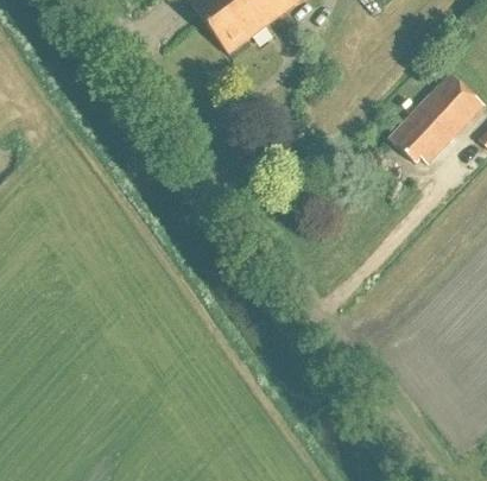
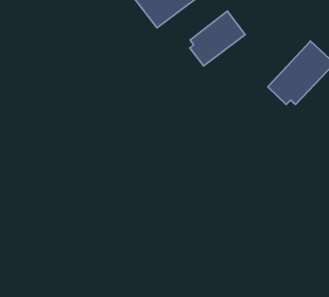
building: none -> [190,11,245,66]

